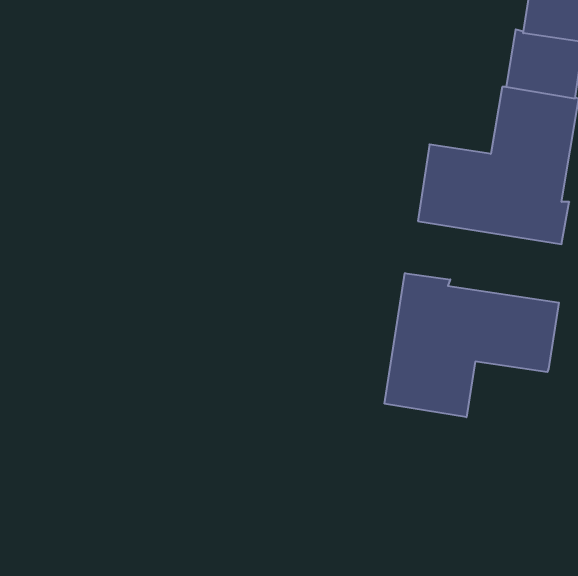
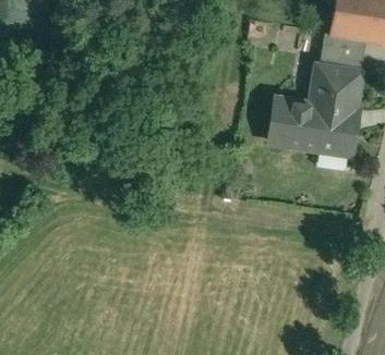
building: [385,273,559,417] -> none

